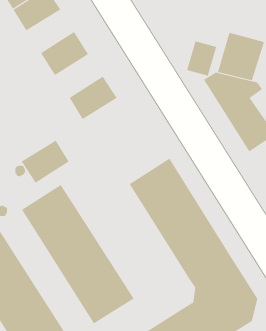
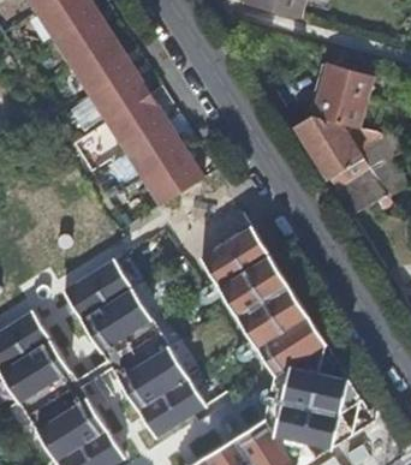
building: none -> [70,36,131,91]
building: [187,41,217,77] -> none
building: none -> [106,93,167,148]
building: [21,140,70,183] -> [141,148,202,203]

